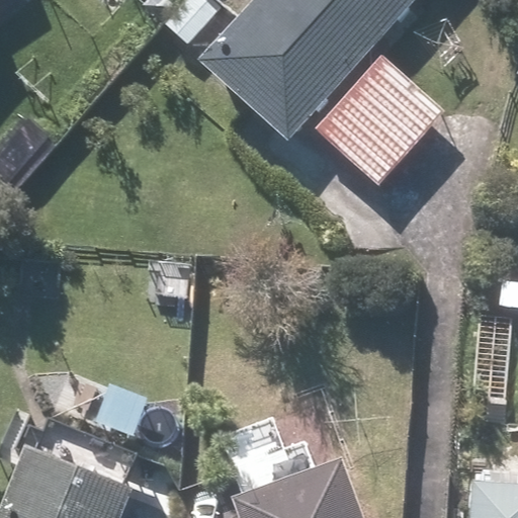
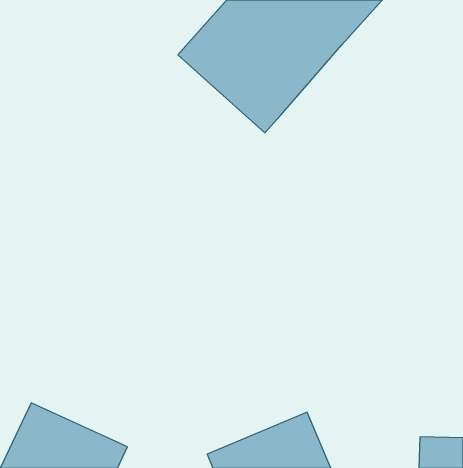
building: [310,50,446,188] -> none

